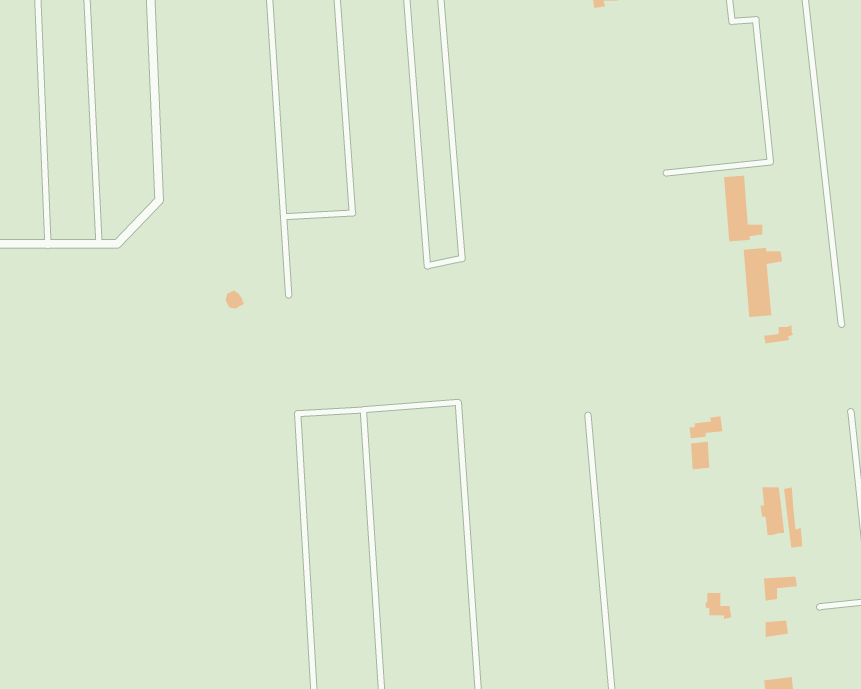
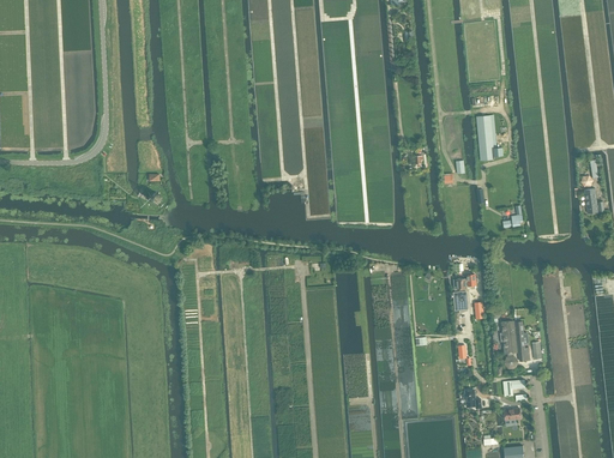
building: [743,247,783,318] -> none

